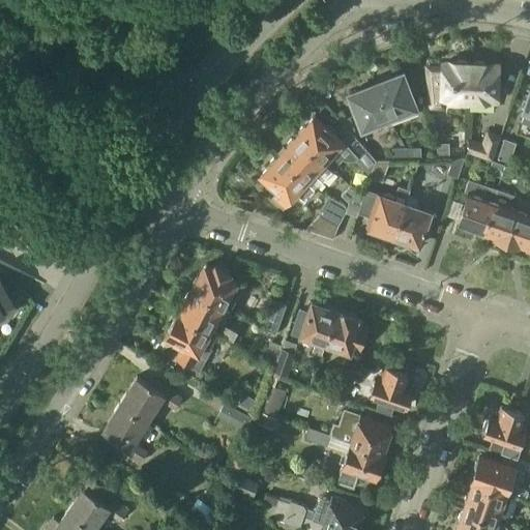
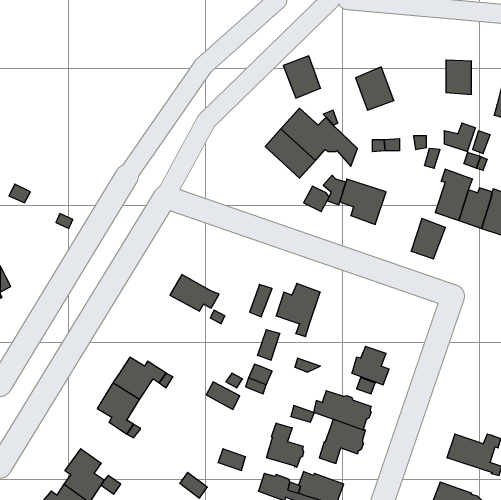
building: [429,65,471,110] -> none
building: [349,85,388,129] -> [283,56,321,98]
building: [262,157,317,209] -> none
building: [396,205,433,247] -> [411,219,445,259]
building: [193,266,245,313] -> none
building: [327,311,369,352] -> none
building: [165,313,219,373] -> none
building: [484,406,525,461] -> none
building: none -> [266,423,304,467]
building: [465,484,520,522] -> none

